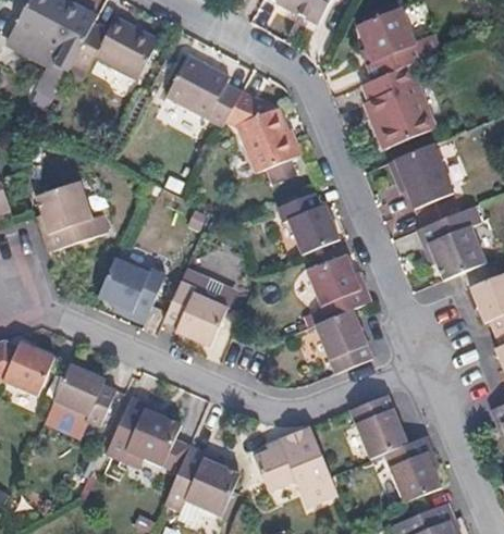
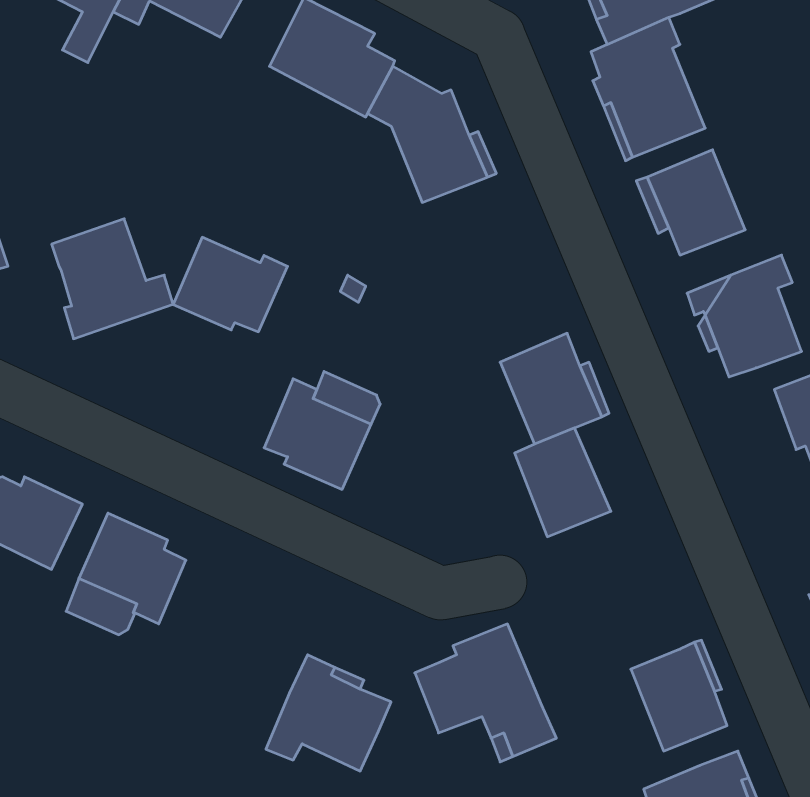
building: [276,191,340,254] -> none
building: [97,258,165,314] -> [173,237,288,332]
building: [349,395,407,460] -> none
building: [106,396,196,469] -> none

